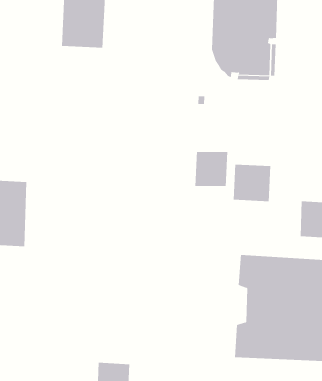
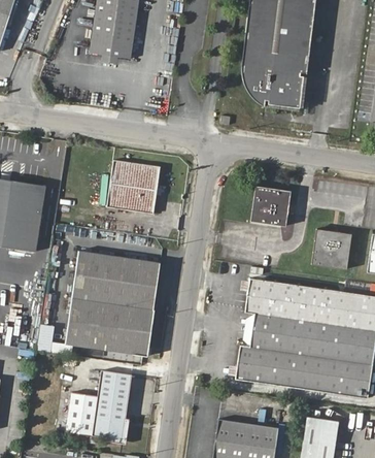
building: none -> [109,160,160,212]
building: [195,151,228,187] -> none
building: none -> [64,246,160,353]

